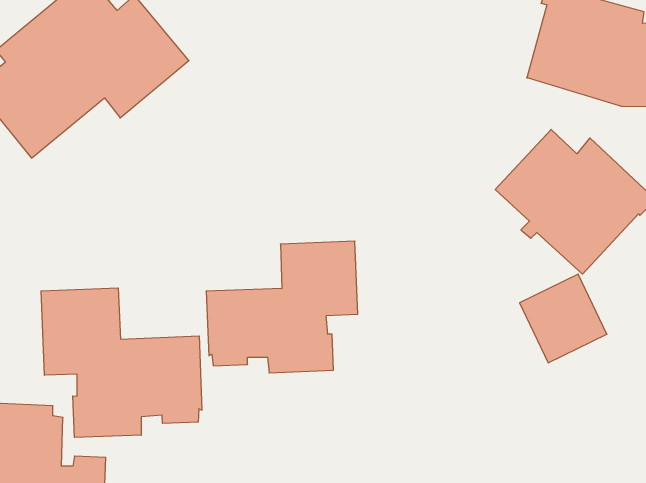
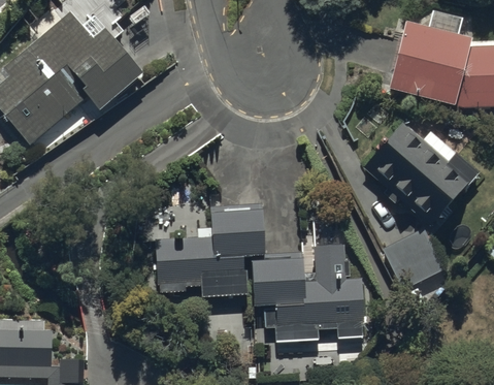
building: [41,288,202,437] -> none
building: none -> [251,243,364,342]

